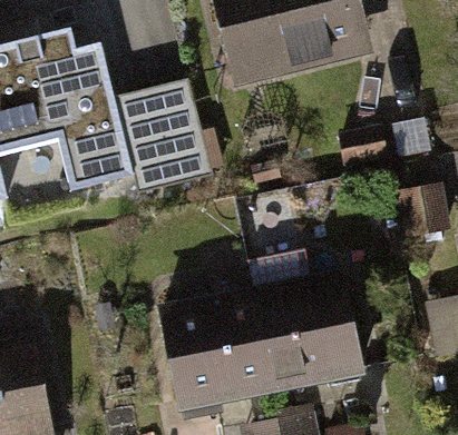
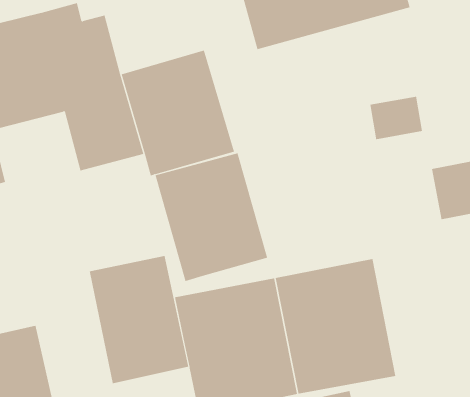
building: none -> [155,153,268,282]
building: none -> [89,255,189,384]

